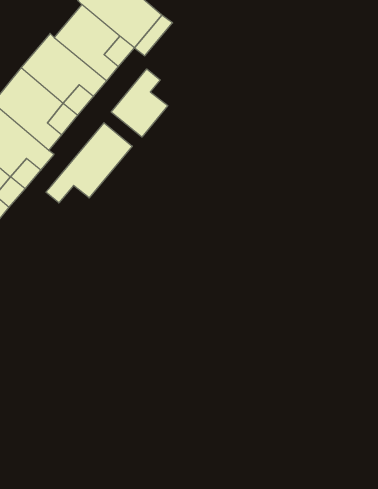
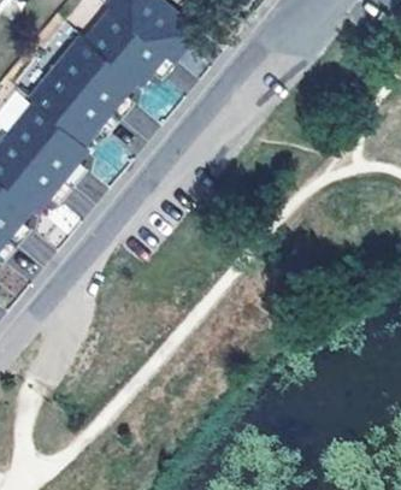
building: [111,69,168,137] -> none
building: [46,123,132,203] -> none

